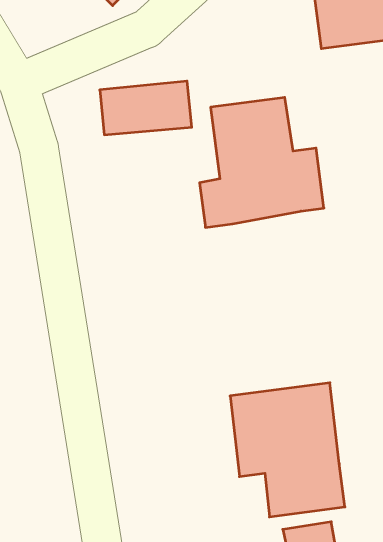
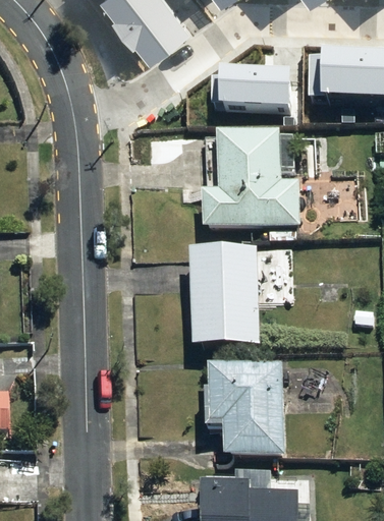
building: [100,81,192,135] -> [224,71,294,110]
building: none -> [186,241,258,346]

